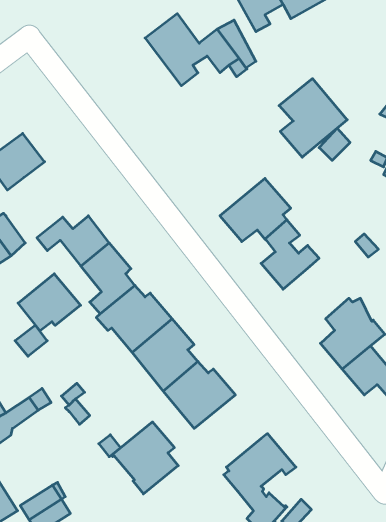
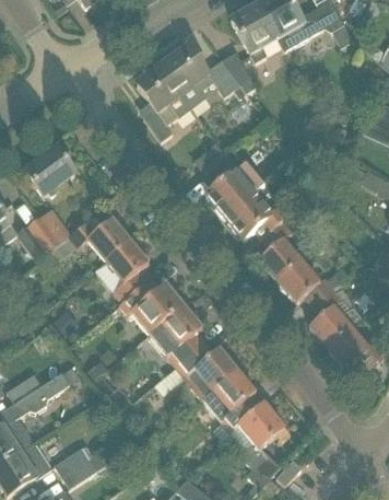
building: none -> [138,67,191,141]
building: [279,79,347,157] -> [204,151,262,218]
building: none -> [278,260,333,305]
building: [18,274,81,331] -> none
building: [111,422,178,494] -> [202,370,259,431]

